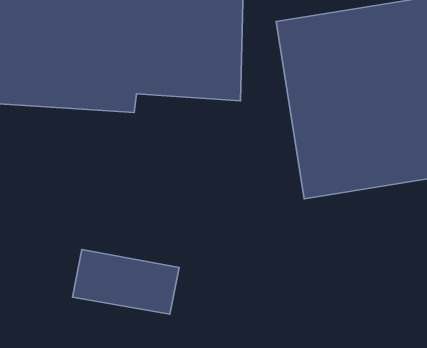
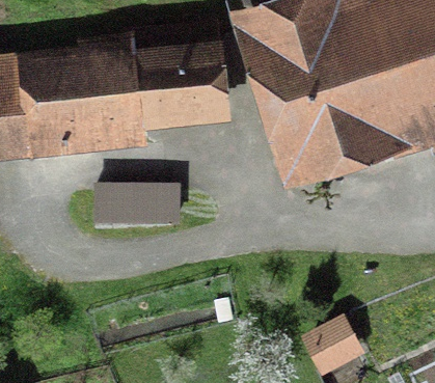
building: [72,249,179,314] -> [92,181,180,223]

